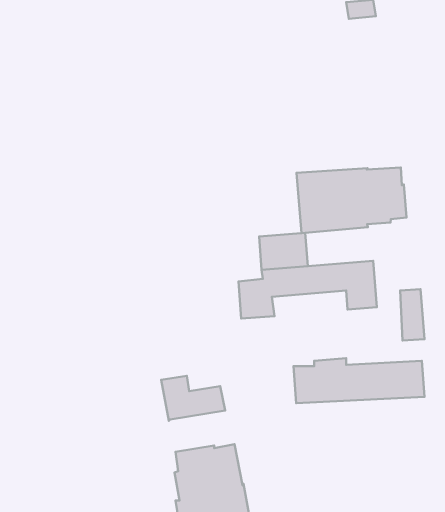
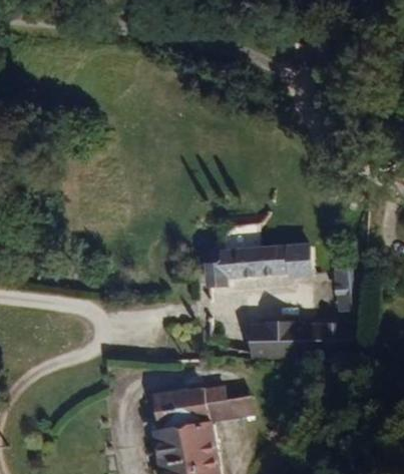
building: [297,167,406,233] -> none
building: [161,376,225,421] -> [201,386,252,421]

